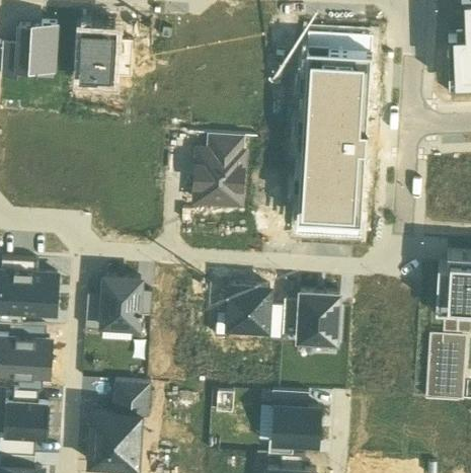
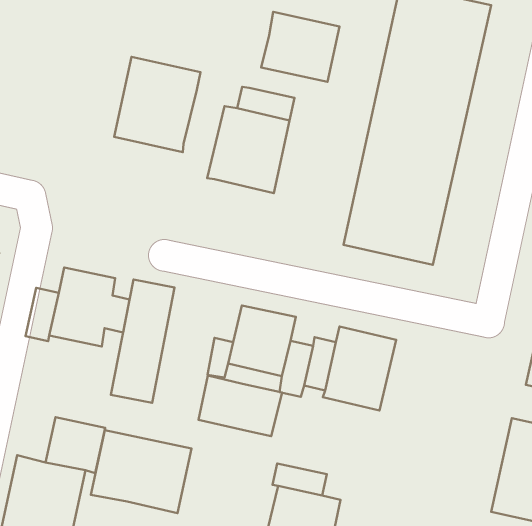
building: none -> [261,12,340,82]
building: none -> [114,57,200,152]
building: none -> [111,280,175,403]
building: none -> [199,376,282,436]
building: none -> [91,430,191,513]

